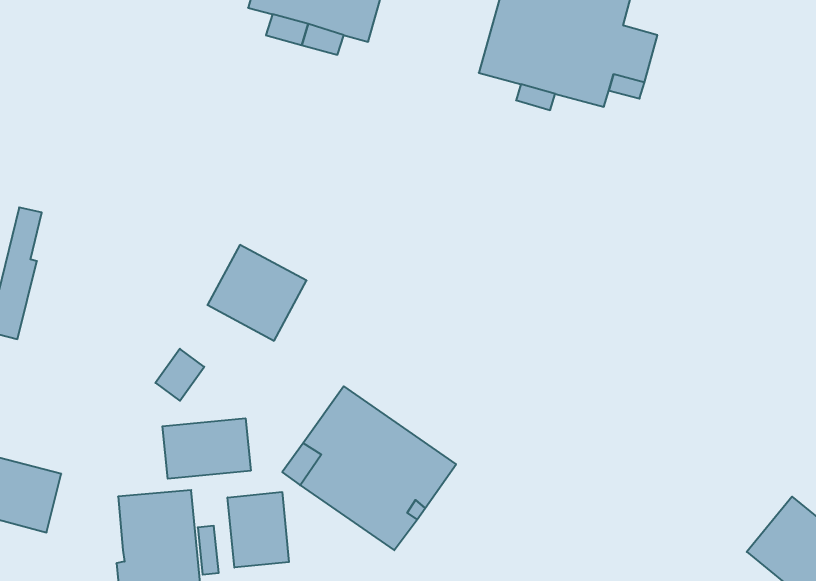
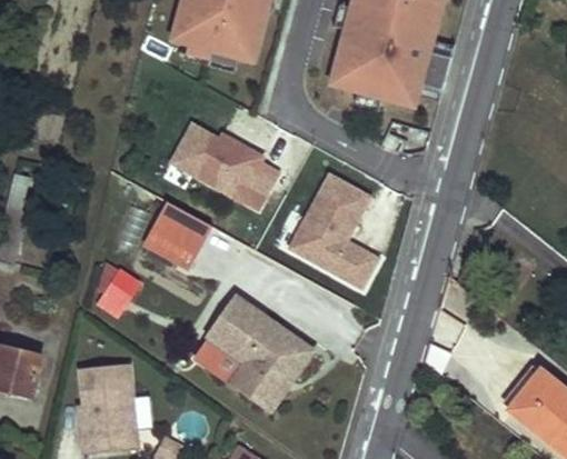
building: none -> [165,117,282,211]
building: none -> [281,168,380,291]
building: [162,418,251,479] -> none
building: [228,492,289,568] -> none

